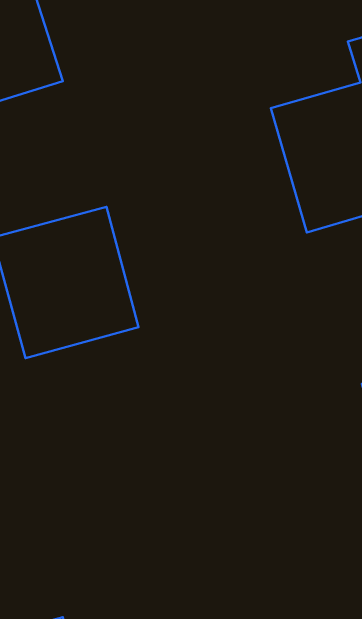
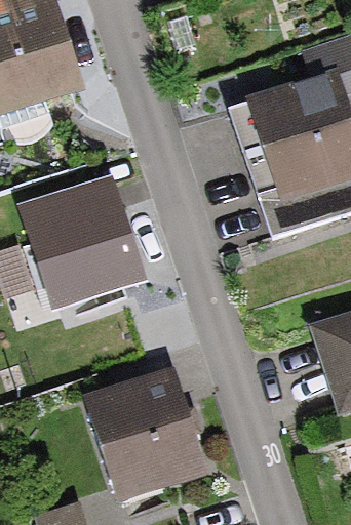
building: none -> [82,372,203,496]

